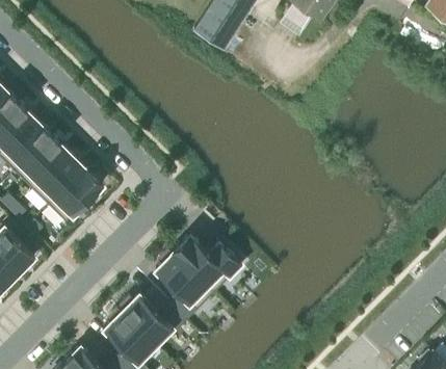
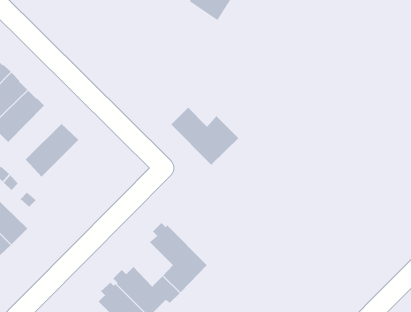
building: [15,134,68,188] -> none
building: [48,167,102,222] -> none
building: [173,235,241,293] -> [170,107,239,165]

